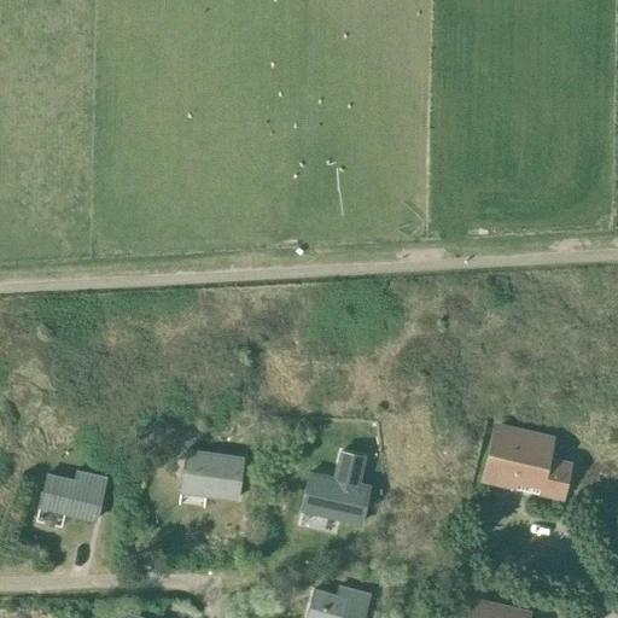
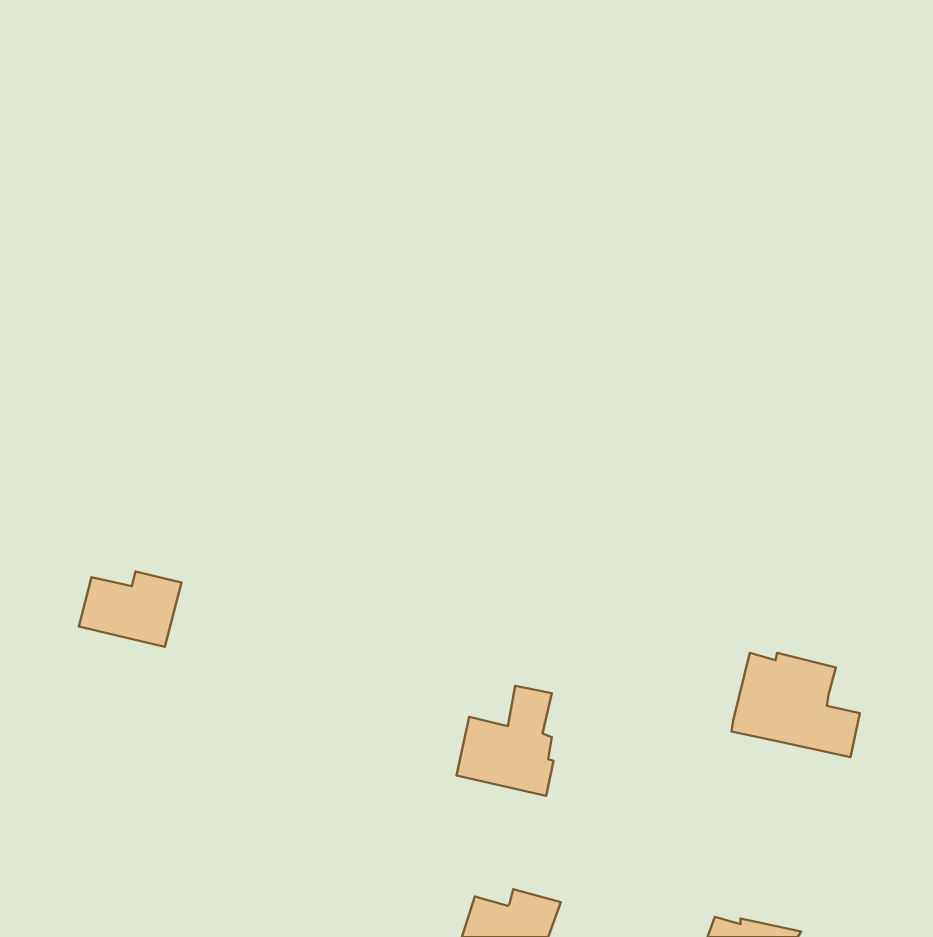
building: [182,450,244,500] -> none
building: [40,471,107,520] -> [79,572,181,647]

